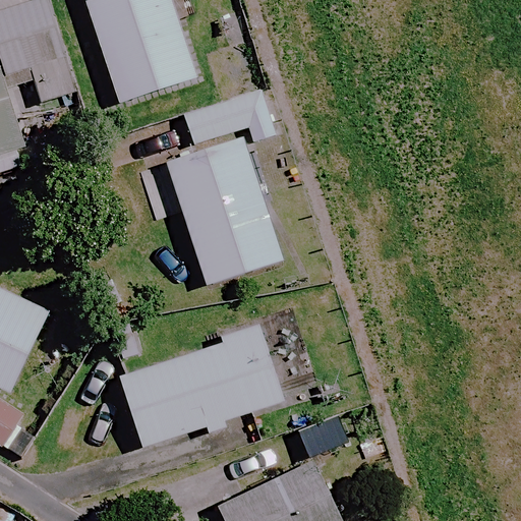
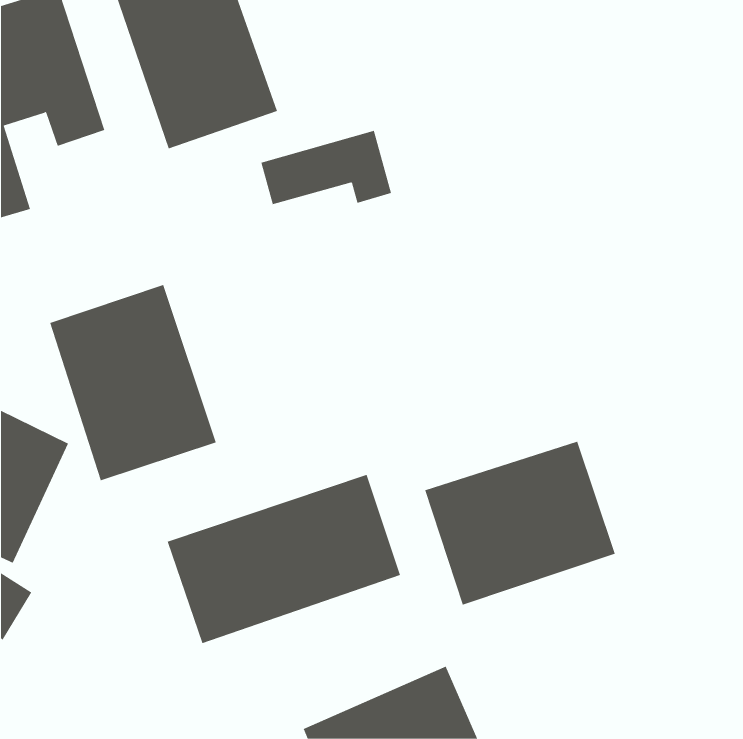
building: [167,140,282,285] -> none
building: none -> [50,284,217,481]
building: none -> [424,441,616,606]

